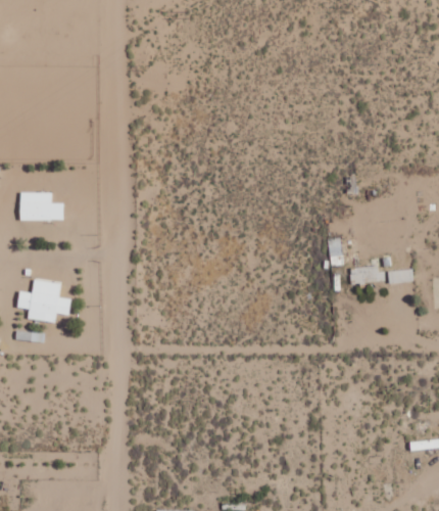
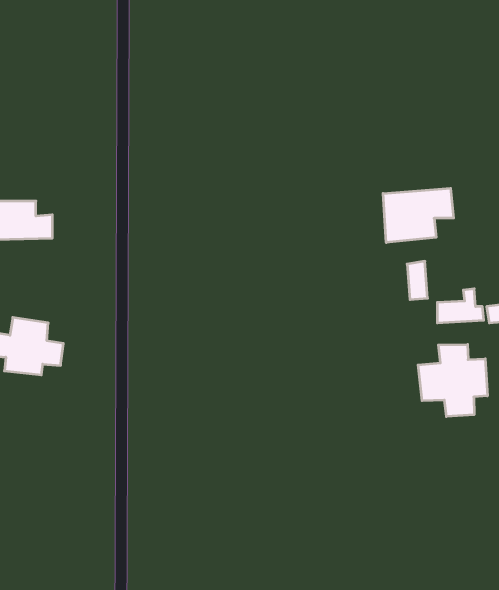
building: none -> [383,188,454,243]
building: none -> [418,344,487,417]

